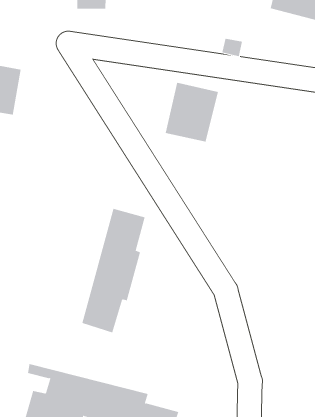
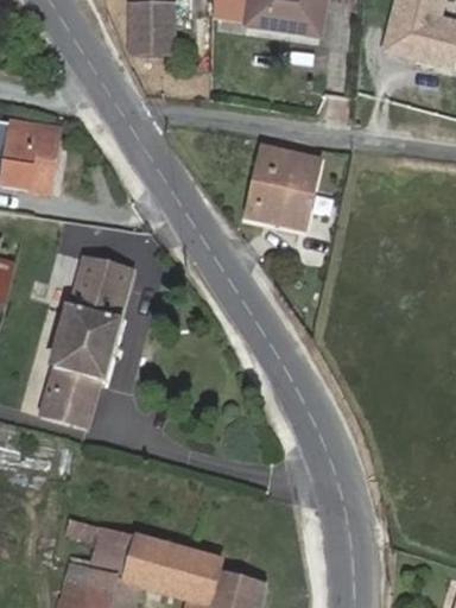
building: [81,208,145,333] -> [45,260,129,425]

